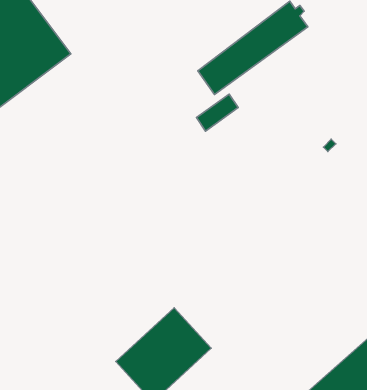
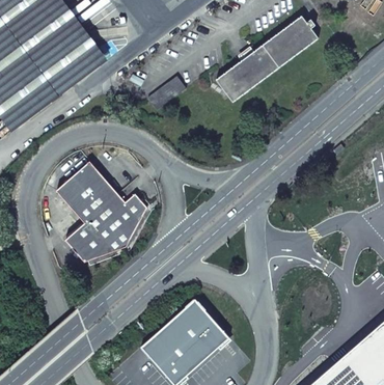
building: [197,94,238,131] -> [148,73,187,107]
building: none -> [57,160,147,262]

